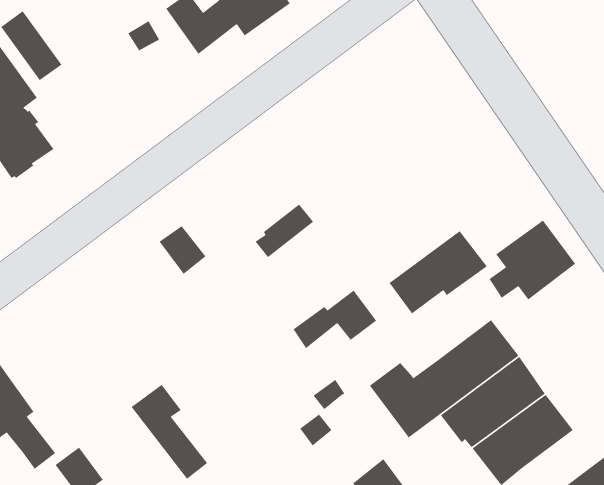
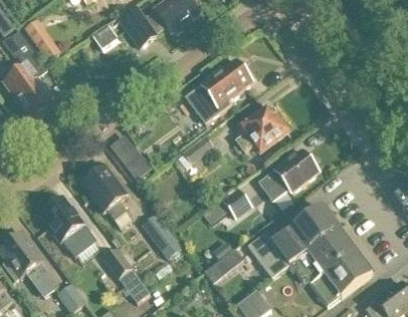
building: none -> [184,60,253,125]
building: [488,219,576,300] -> [236,103,289,152]
building: none -> [82,168,128,220]
building: none -> [43,198,96,254]
building: none -> [141,213,183,259]

